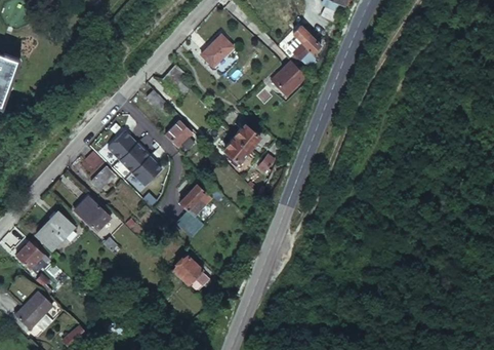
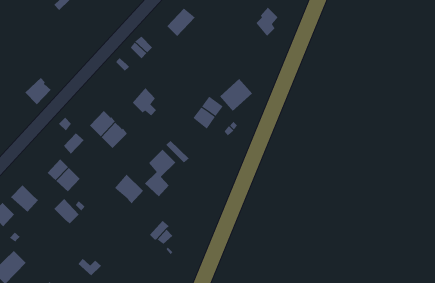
building: [269,59,304,94] -> [219,78,253,112]
building: [105,130,133,160] -> [24,77,51,105]
building: none -> [114,174,144,204]
building: [47,211,75,239] -> [54,198,80,224]

